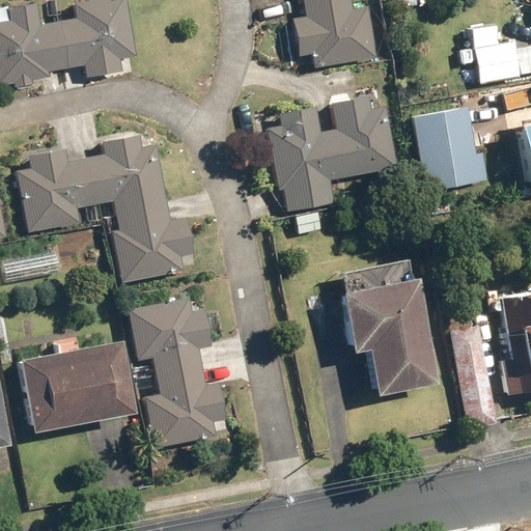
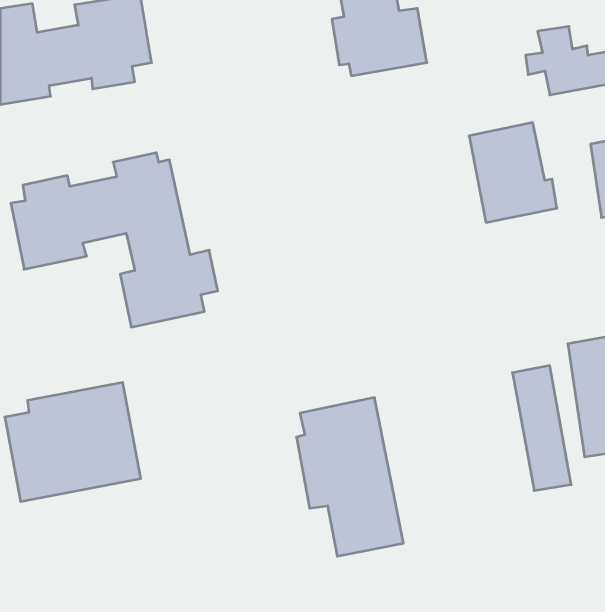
building: [267,94,397,233] -> none
building: [337,258,429,395] -> [296,398,403,556]
building: [131,296,228,450] -> none

